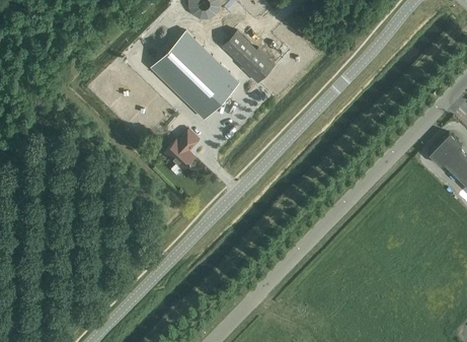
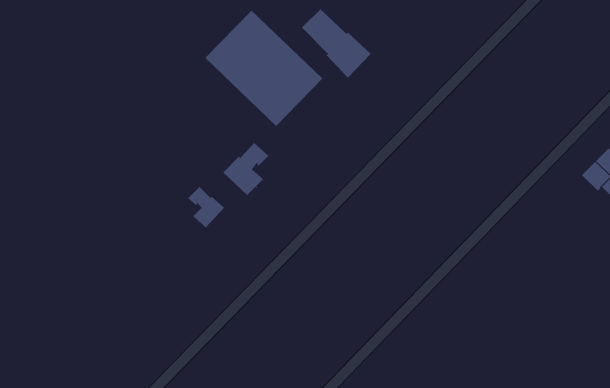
building: none -> [188,186,225,228]

